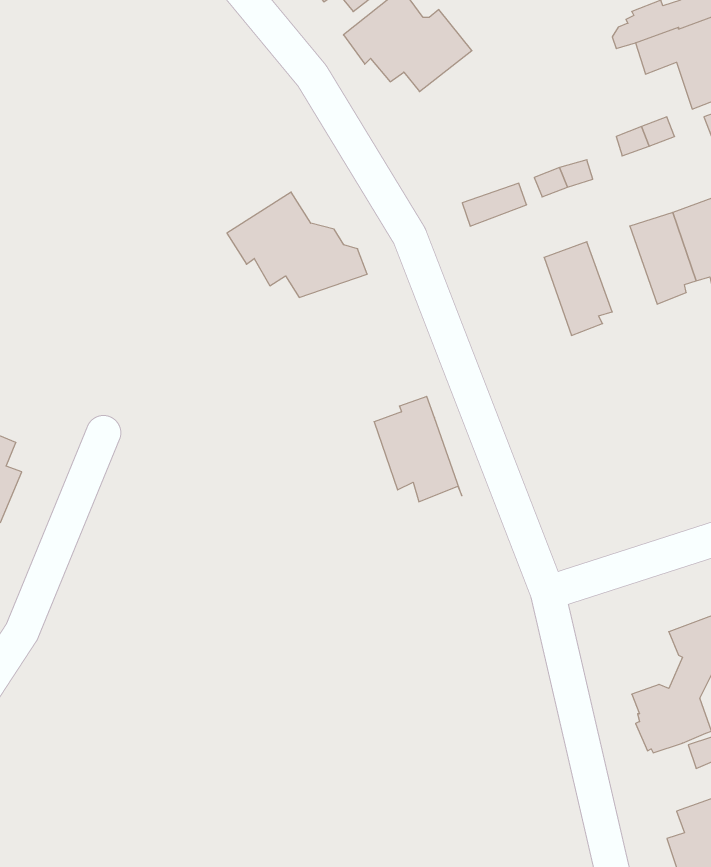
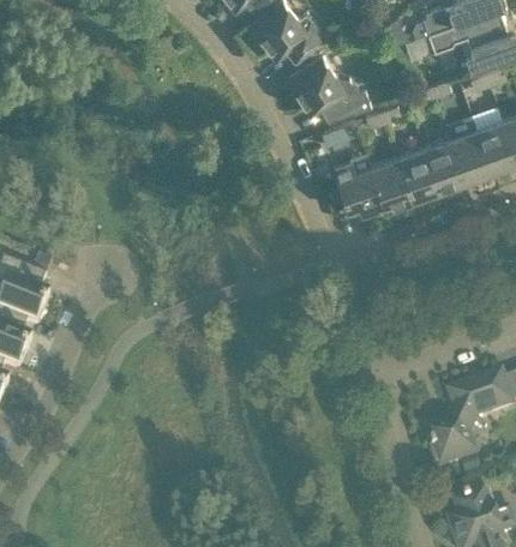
building: [227,192,367,297] -> [283,55,370,120]
building: none -> [397,145,440,199]
building: [374,396,462,502] -> [334,151,388,216]

